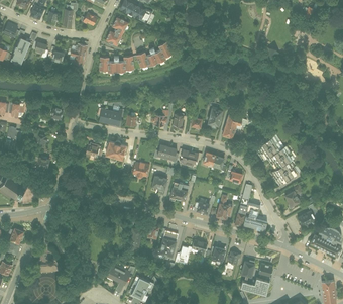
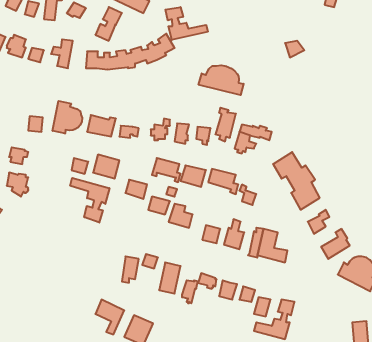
building: none -> [165,7,208,40]
building: none -> [199,65,244,95]
building: none -> [53,101,82,134]
building: none -> [70,178,109,223]

